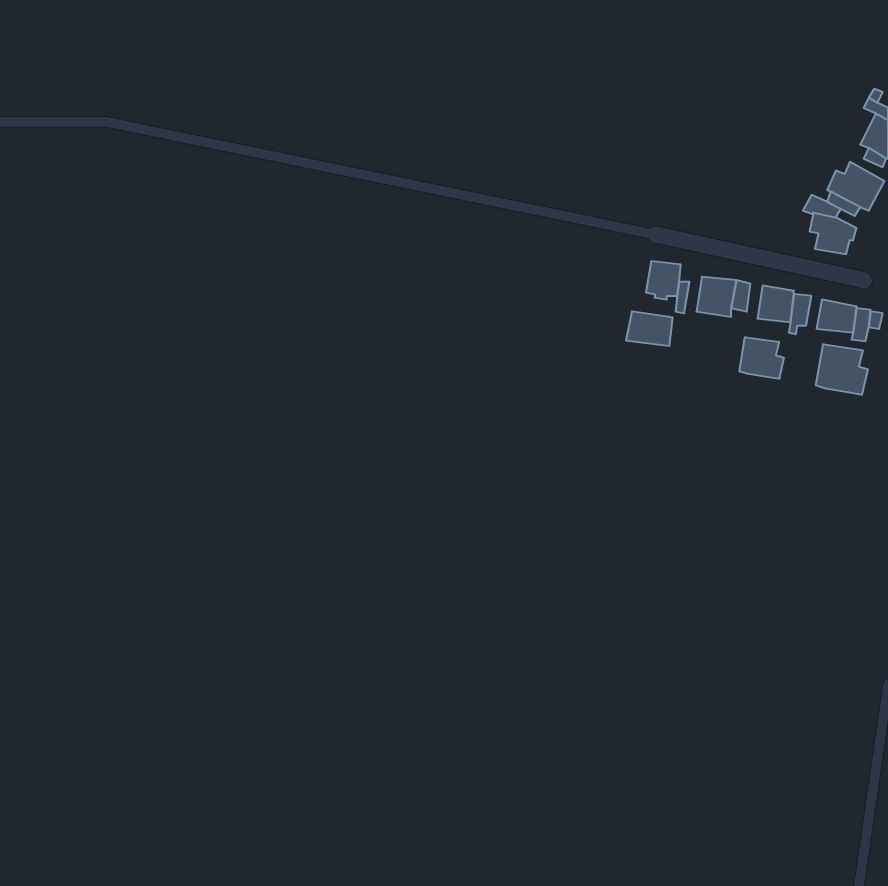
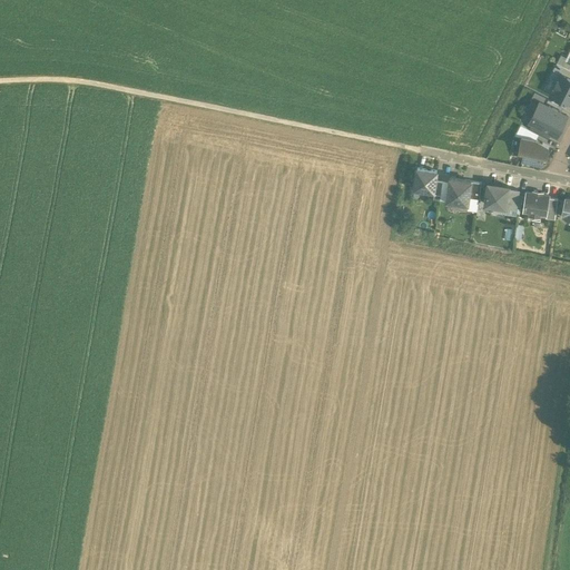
building: [626,311,672,346] -> none
building: [739,337,784,379] -> none
building: [816,344,868,395] -> none

